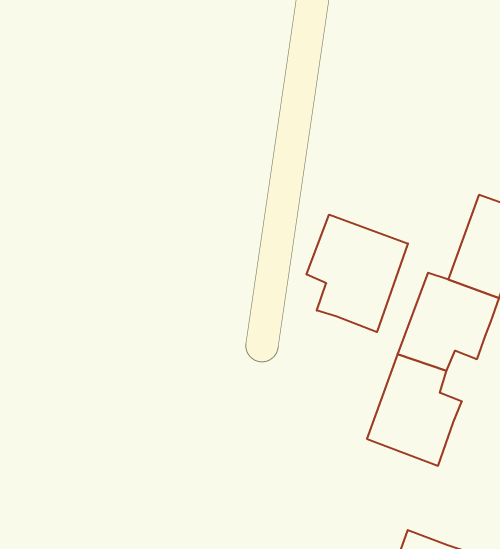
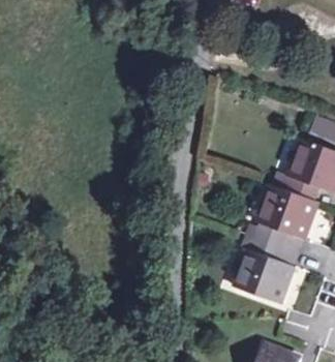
building: [307,215,408,332] -> none

